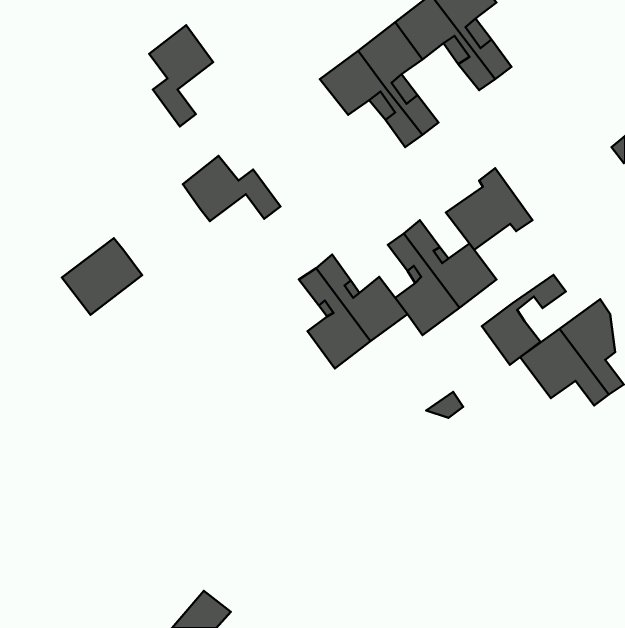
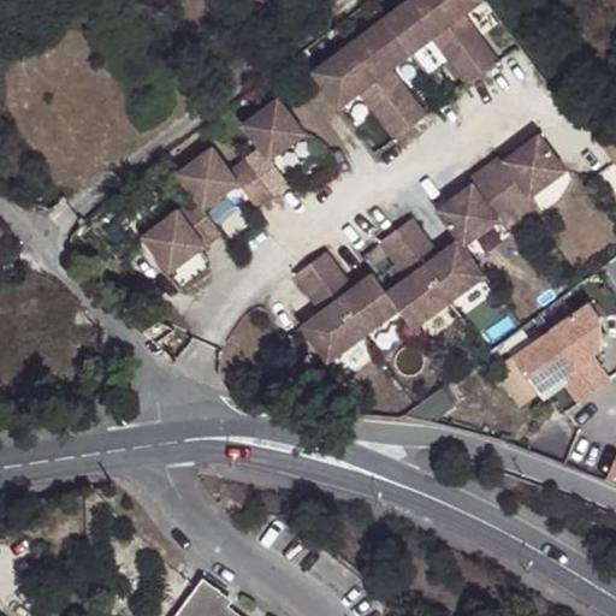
building: [149,25,213,127] -> [243,102,306,201]
building: none -> [482,131,564,214]
building: [62,238,142,315] -> [144,203,223,278]
building: [482,275,566,365] -> none

